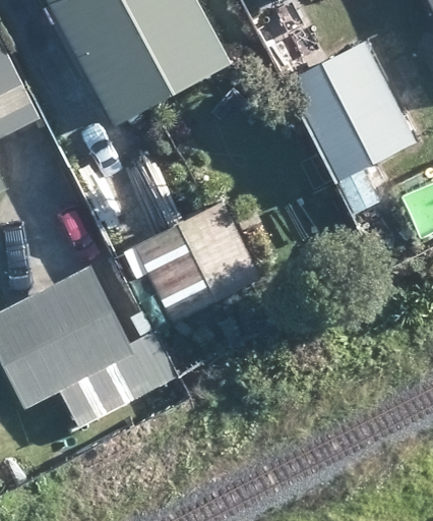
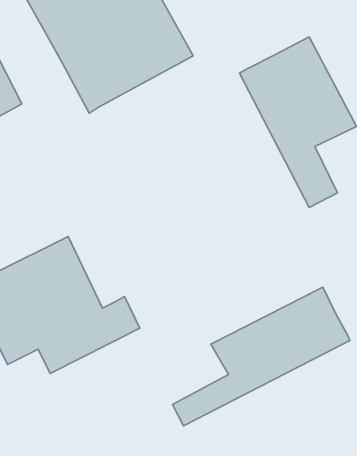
building: [131,201,259,323] -> none
building: none -> [172,287,350,426]

